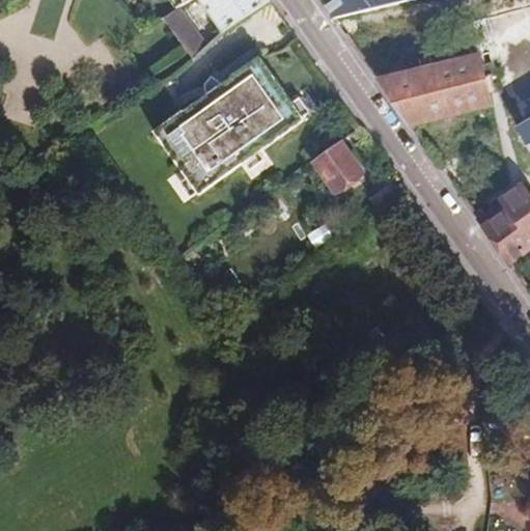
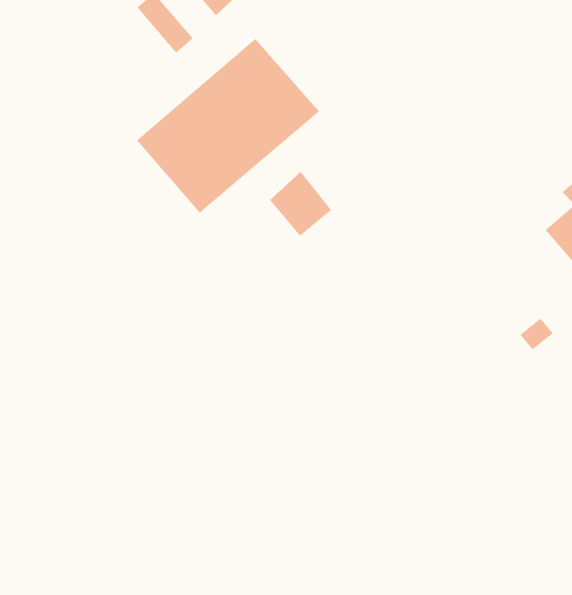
building: [375,51,493,123] -> none
building: [312,132,363,186] -> [269,171,332,237]

